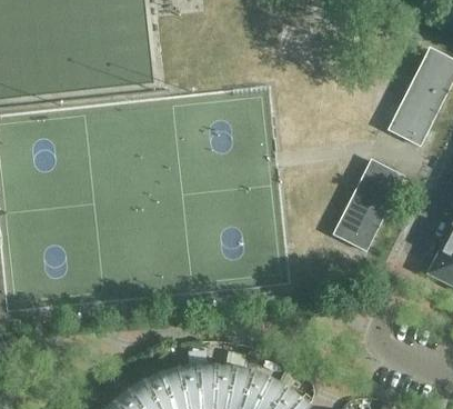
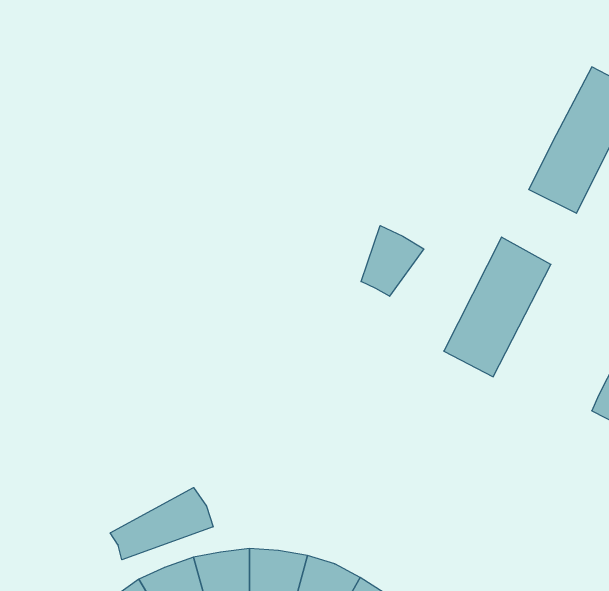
building: none -> [361,226,424,296]
building: none -> [110,488,213,560]

